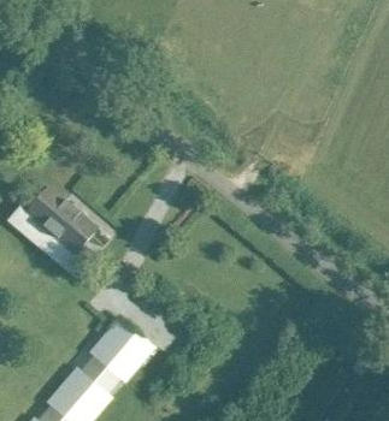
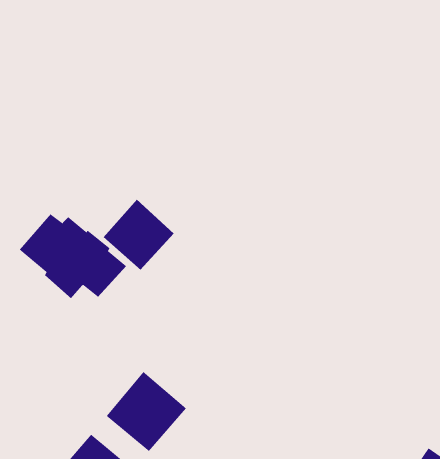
building: none -> [103,199,175,270]

